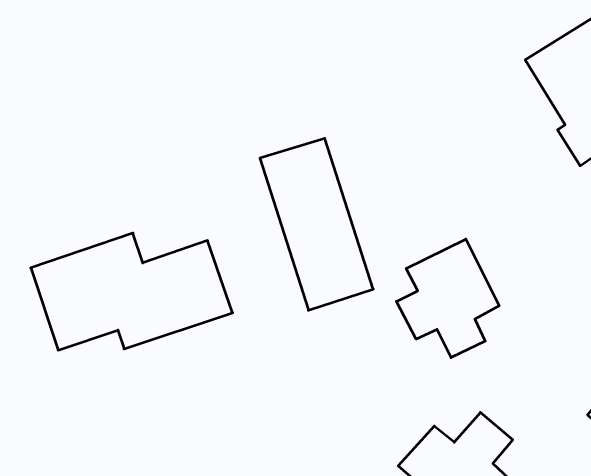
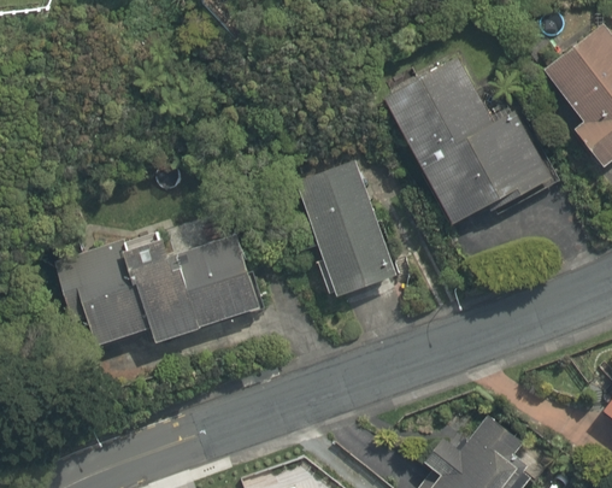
building: none -> [382,45,557,235]
building: [396,239,499,358] -> none

